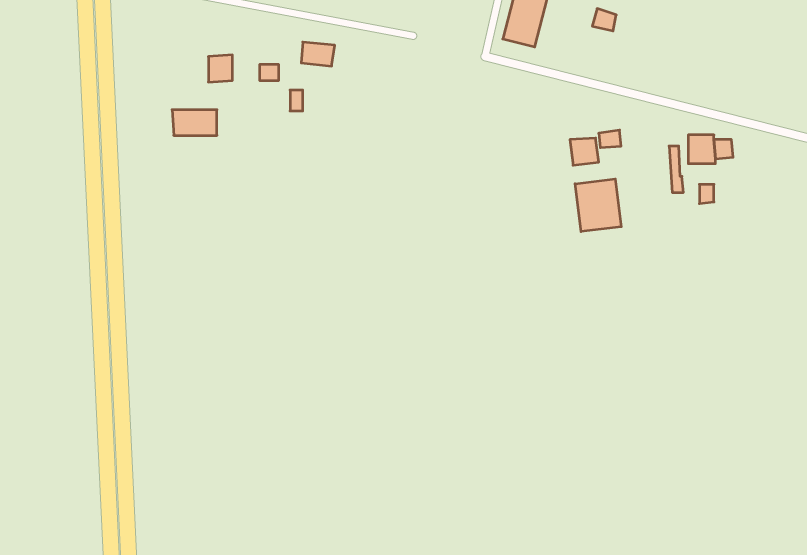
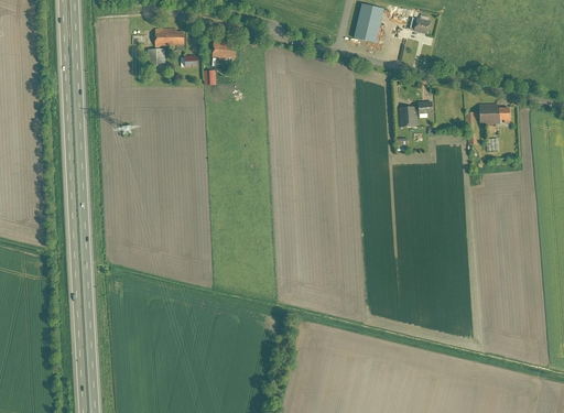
building: [172,110,217,135] -> [155,29,186,46]
building: [575,179,621,232] -> none

